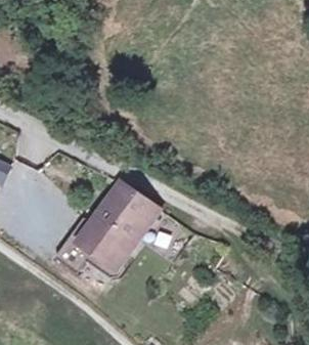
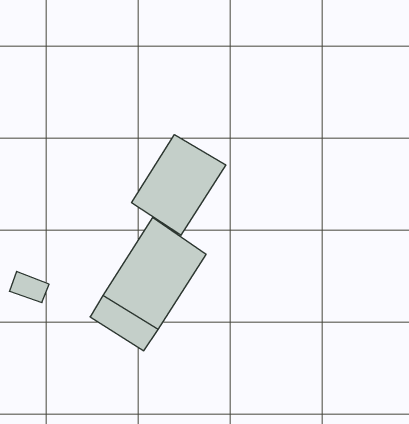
building: none -> [132,135,226,235]

